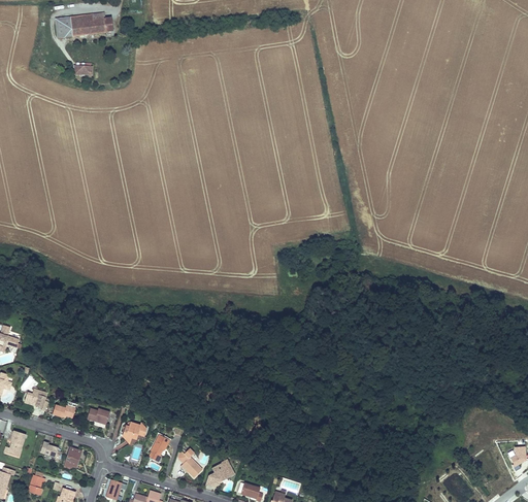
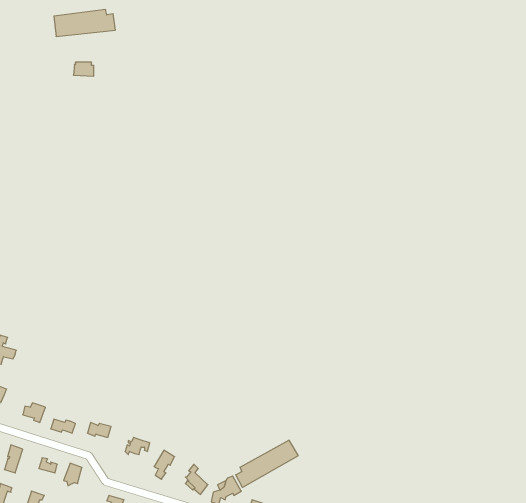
building: none -> [236,440,298,487]

